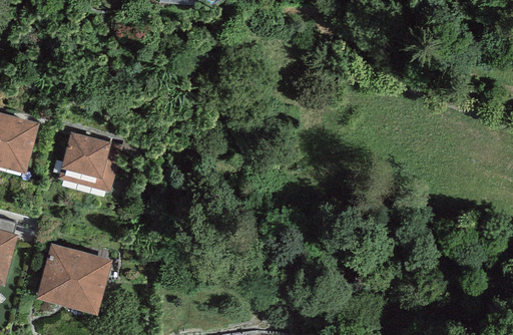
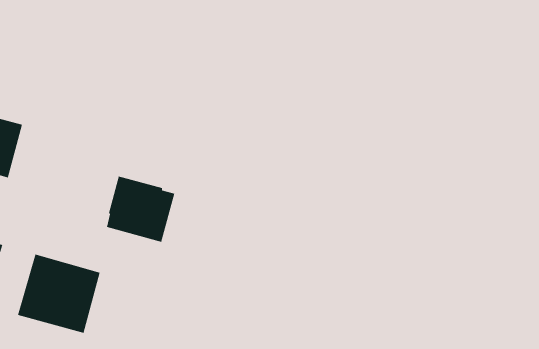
building: [58,131,121,193] -> [106,176,175,243]

